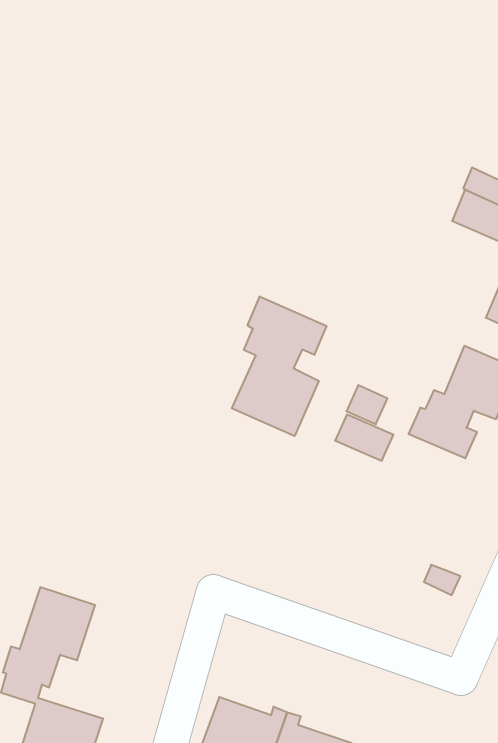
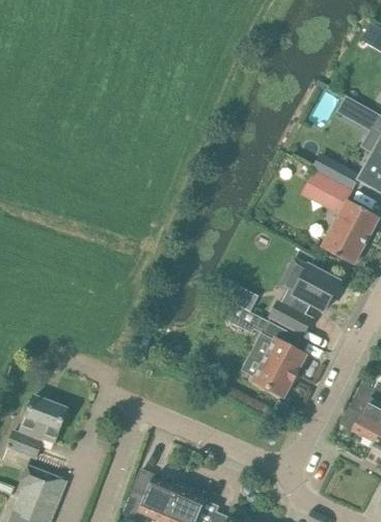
building: [232,296,327,436] -> none
building: none -> [241,321,306,398]

